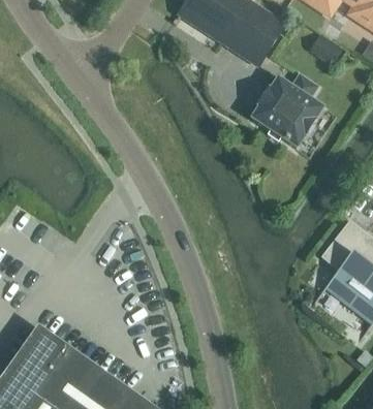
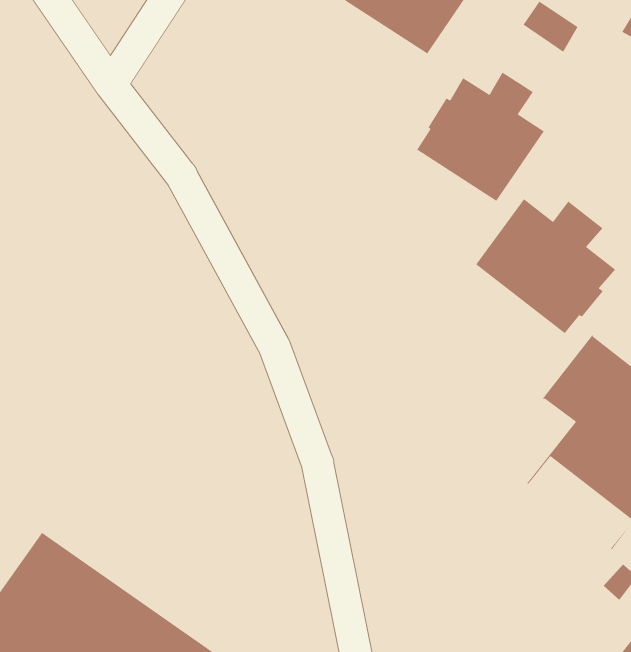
building: none -> [475,198,616,334]

